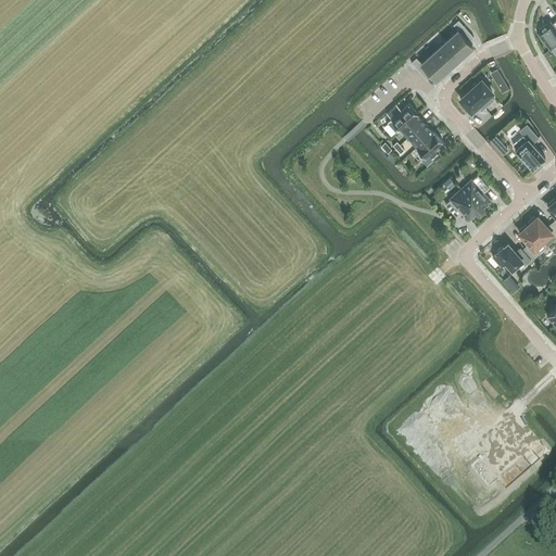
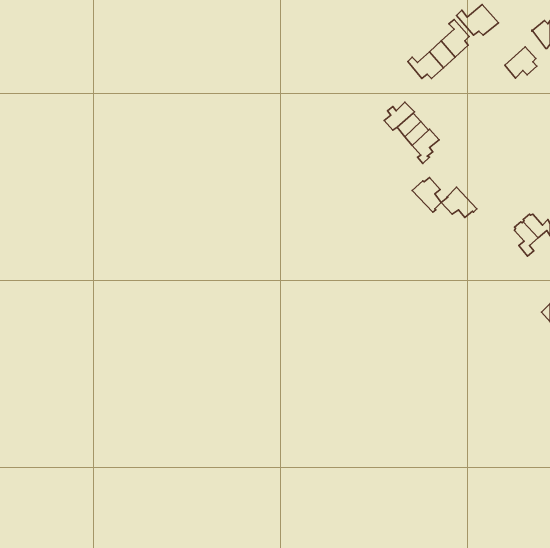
building: none -> [456,4,498,35]
building: [460,81,493,113] -> [505,47,537,78]
building: [513,127,545,170] -> none
building: [460,178,490,213] -> [412,178,441,212]
building: [493,245,531,271] -> none

